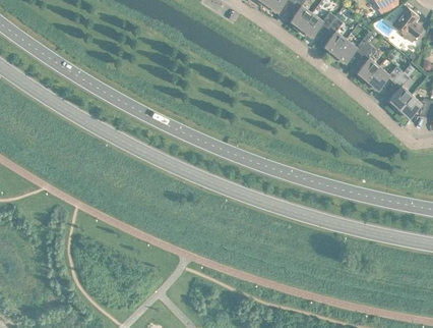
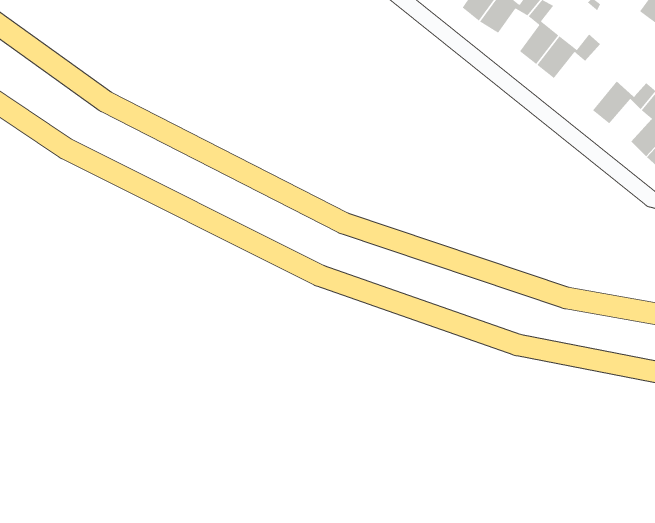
building: [356,44,380,83] -> none

